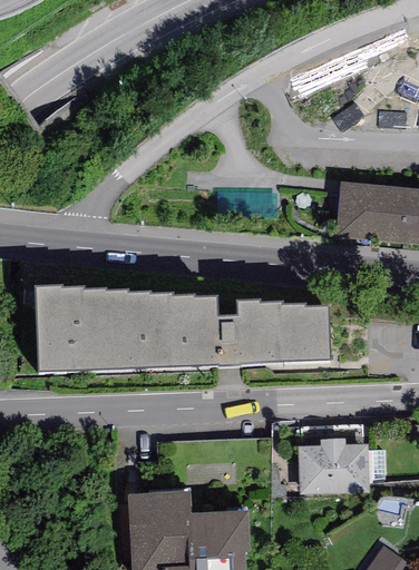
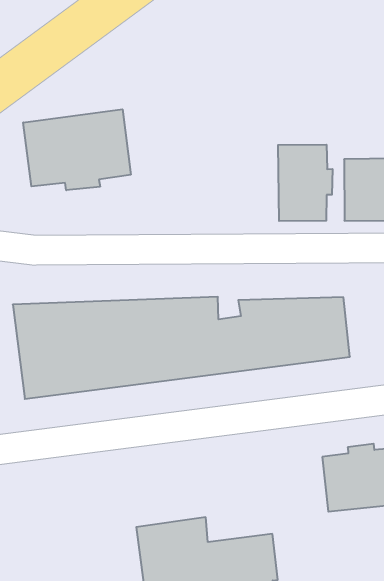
building: none -> [23,109,131,190]
building: none -> [278,145,332,221]

